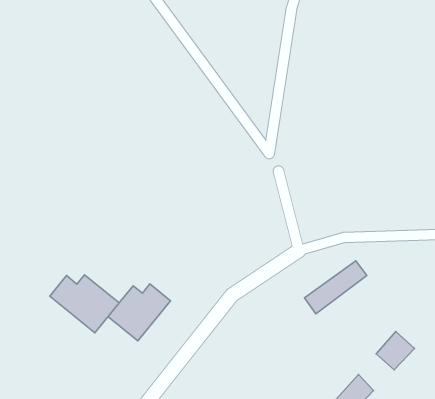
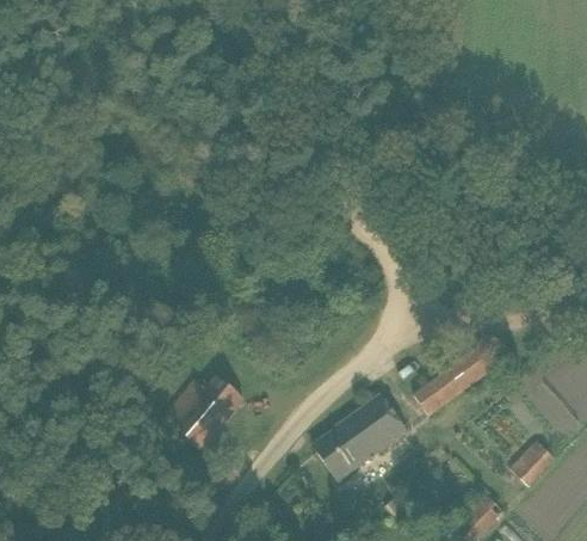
building: [50,275,119,333] -> none
building: none -> [313,394,407,480]

